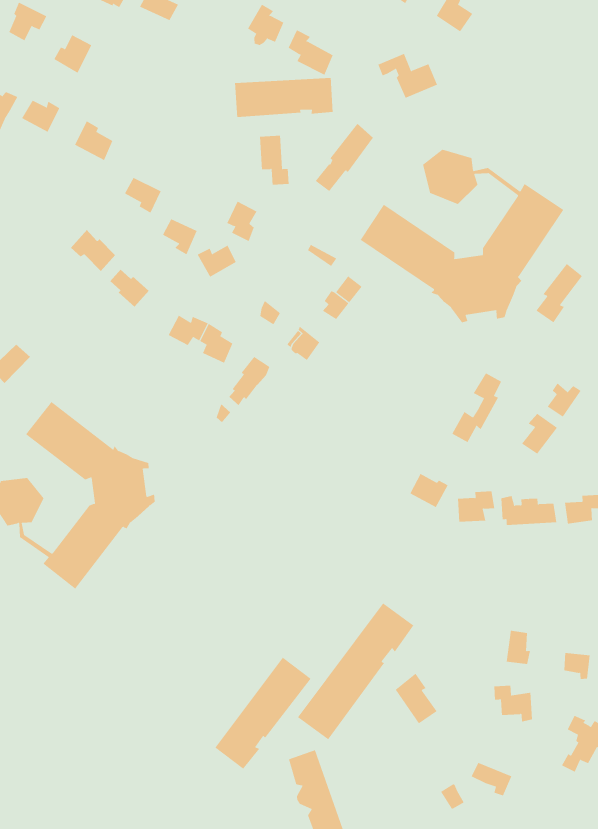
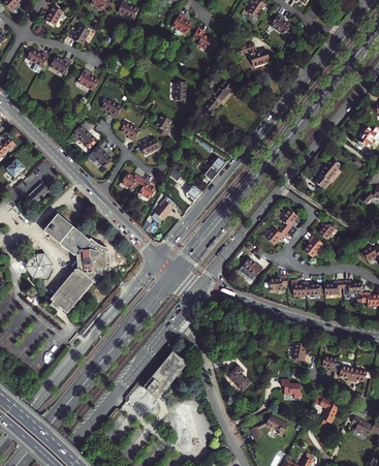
building: [234,77,333,118] -> none
building: [360,149,564,323] -> none
building: [297,602,414,740] -> none

